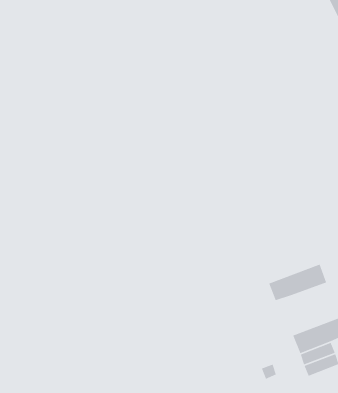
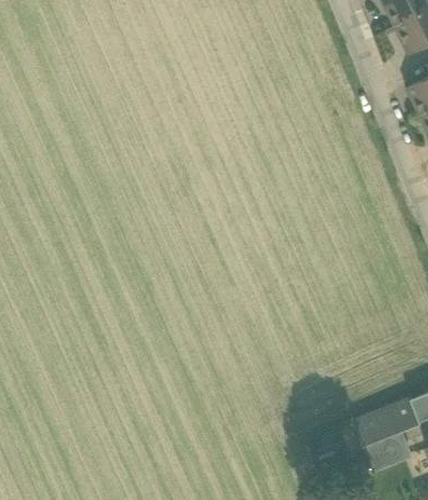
building: [268,263,327,301] -> none

